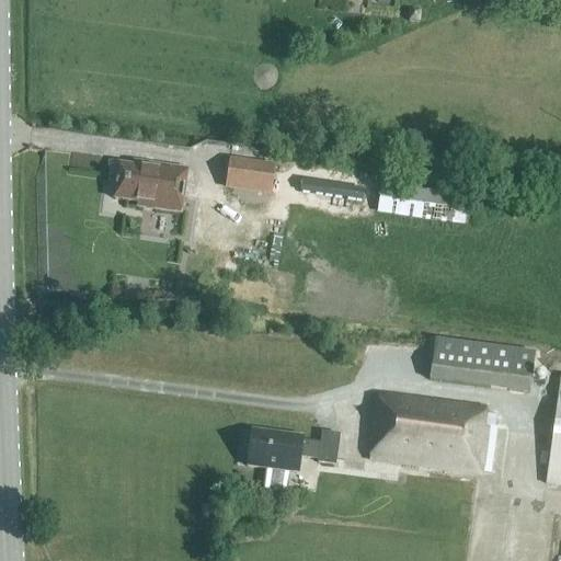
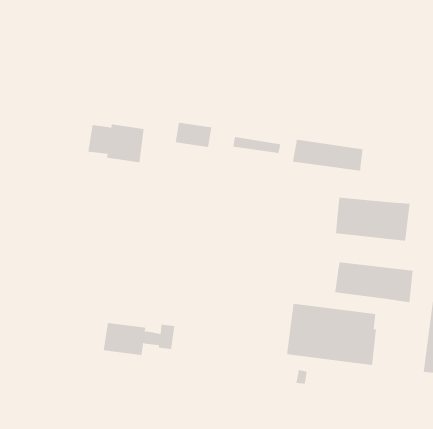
building: none -> [335,197,410,242]
building: [248,427,341,470] -> [103,323,175,356]

